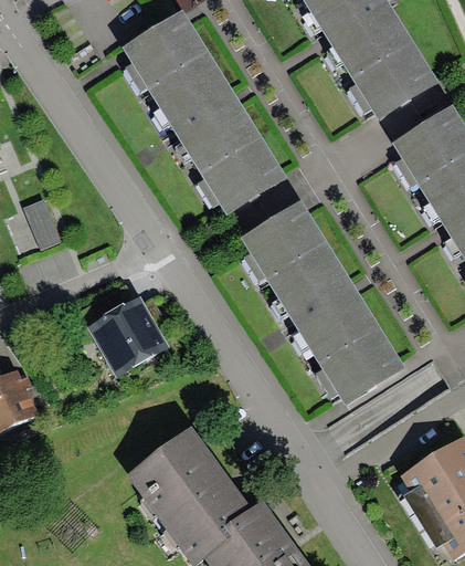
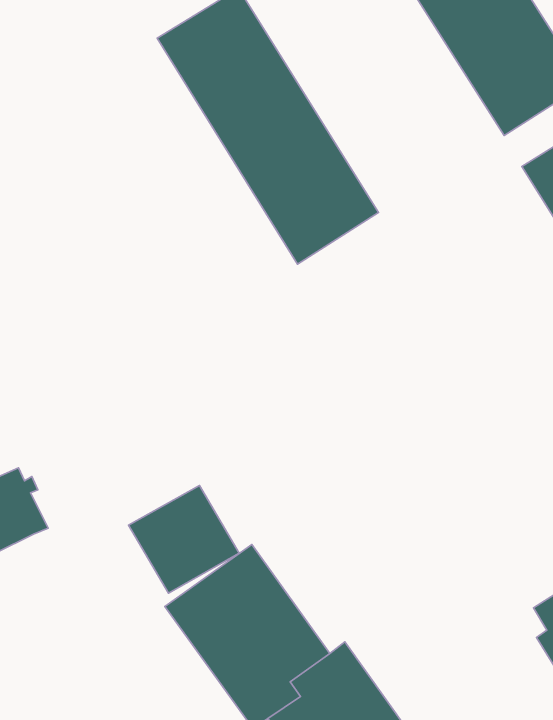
building: [22,198,60,249] -> none
building: [240,200,404,405] -> none
building: [86,295,169,376] -> [129,485,239,593]

